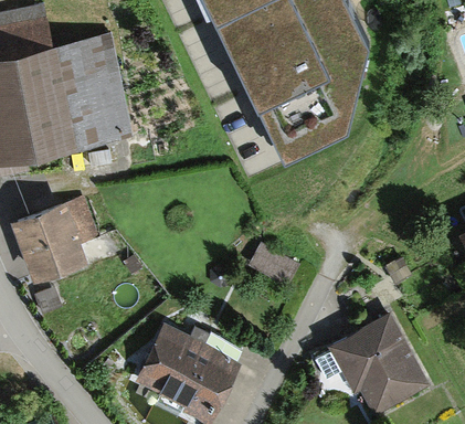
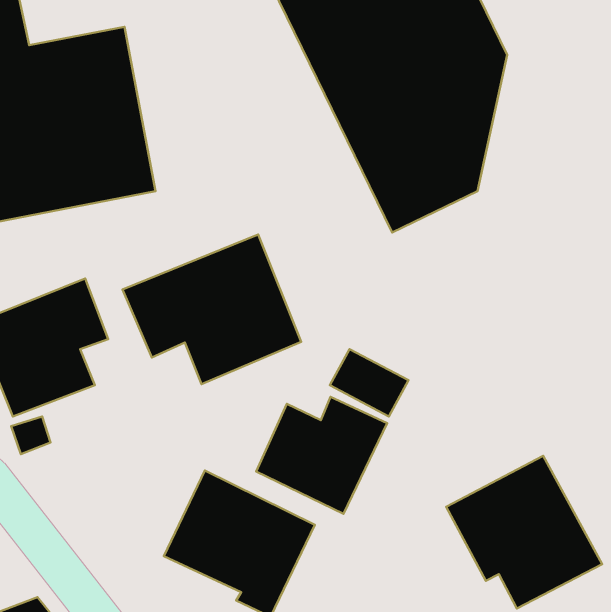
building: none -> [122,235,301,384]
building: none -> [256,397,387,514]

